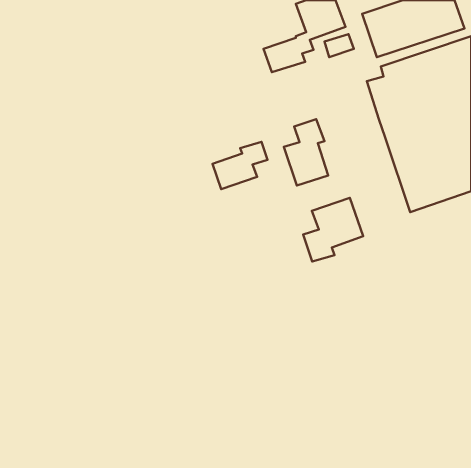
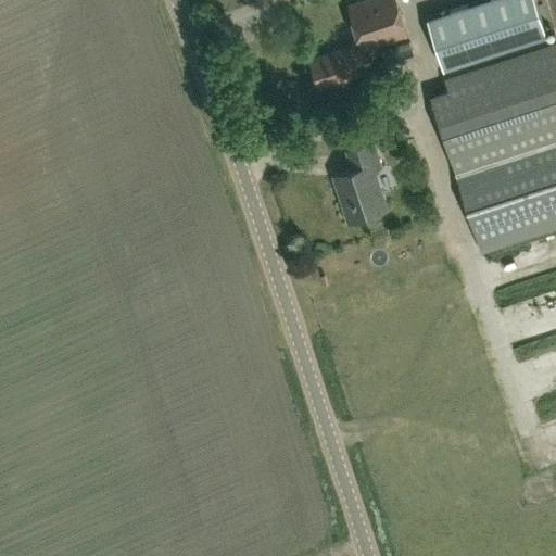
building: [212,142,267,189] -> none
building: [303,198,363,262] -> none

